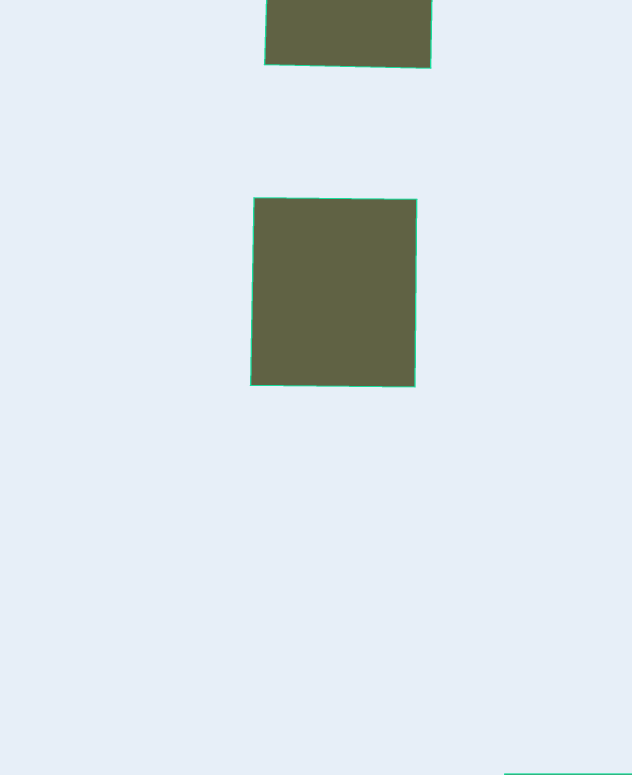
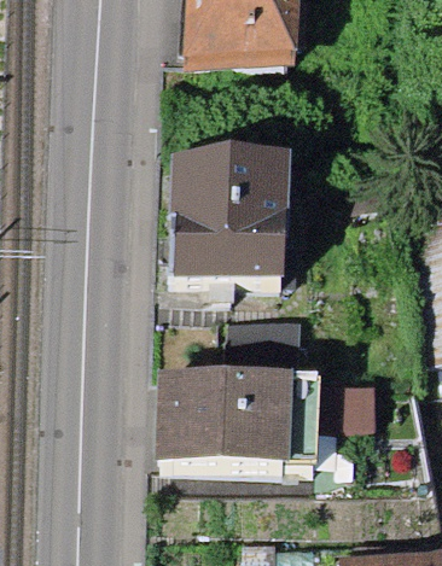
building: none -> [162,363,287,459]

